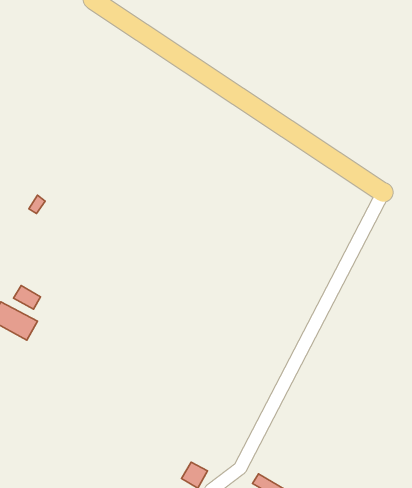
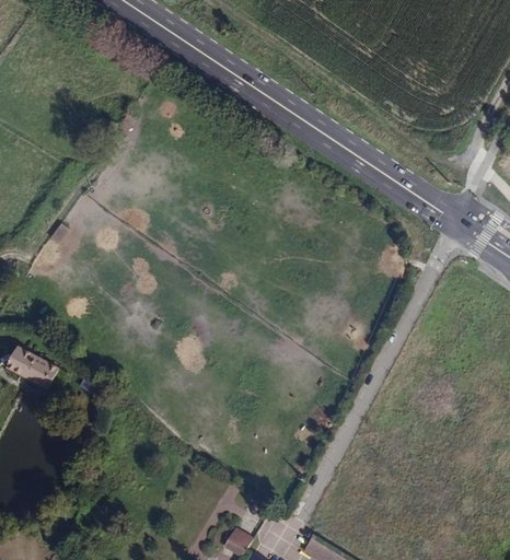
building: [13,285,40,309] -> none

